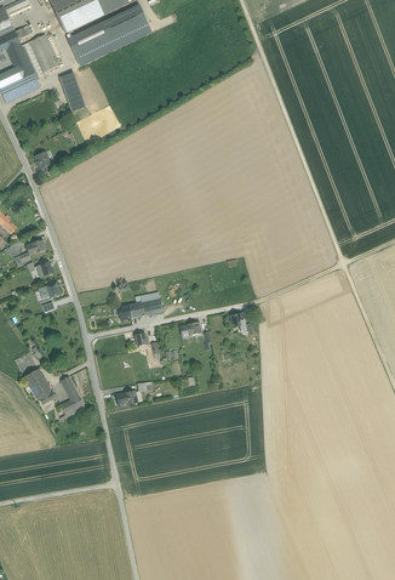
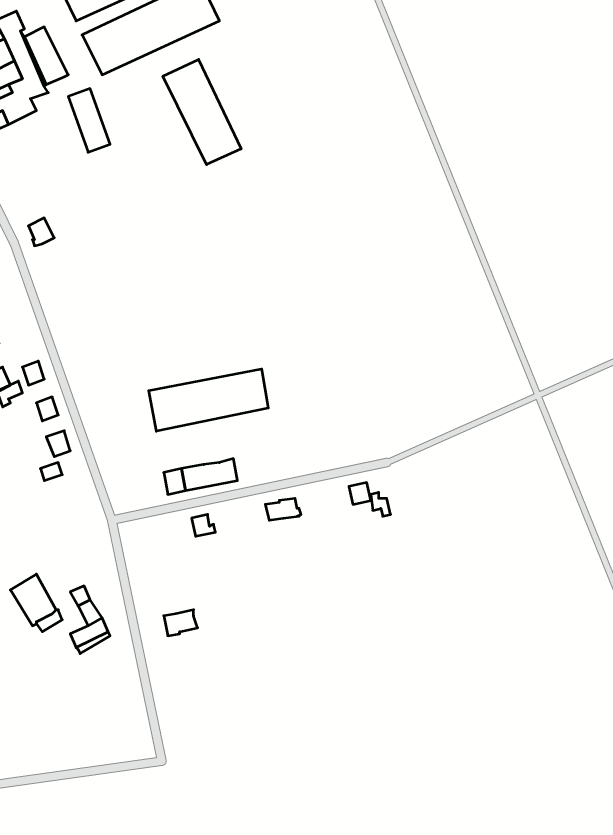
building: none -> [163,59,241,165]
building: none -> [149,369,268,431]

